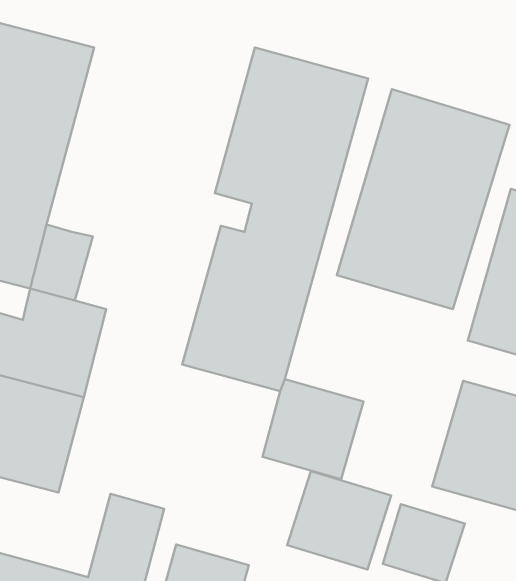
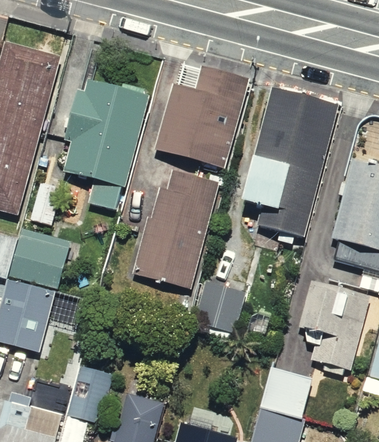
building: none -> [54,74,143,207]
building: [287,471,391,570] -> none

